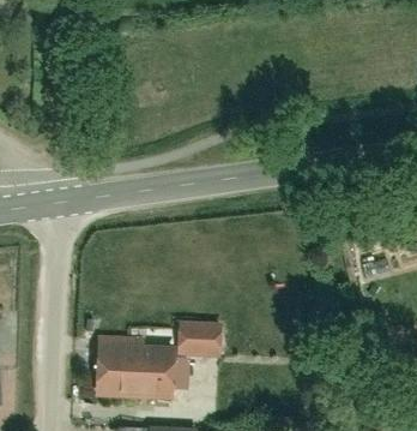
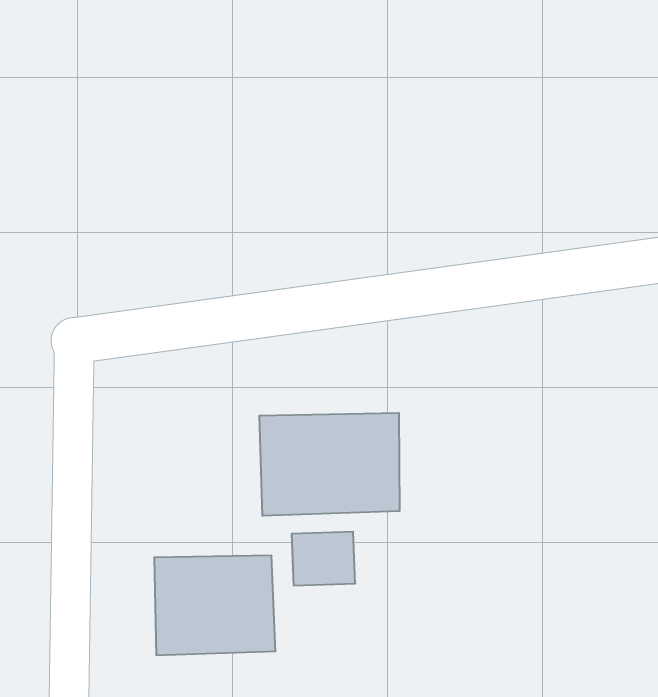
building: none -> [259,413,400,516]

